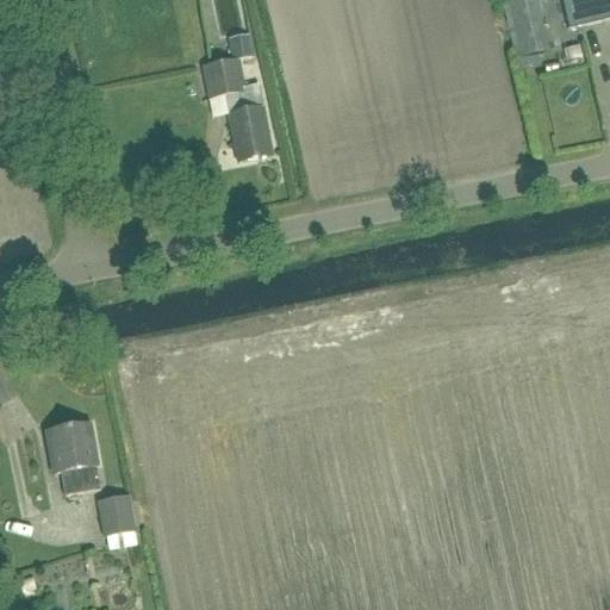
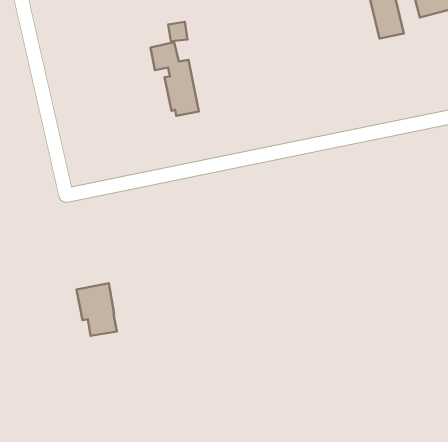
building: [45,421,100,492] -> [76,283,117,336]
building: [99,493,136,535] -> none

